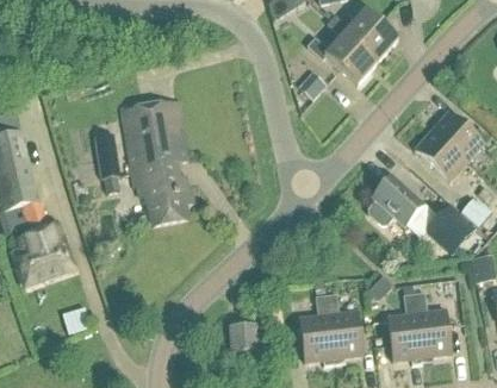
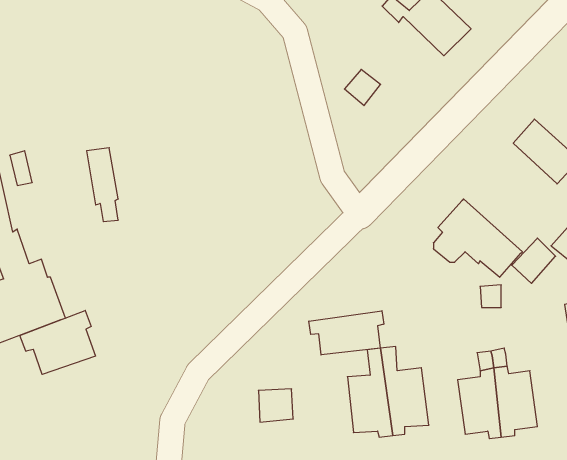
building: [306,29,377,82] -> none
building: [120,99,192,224] -> none
building: [414,129,466,180] -> none
building: none -> [20,310,96,374]
building: none -> [309,311,384,355]

